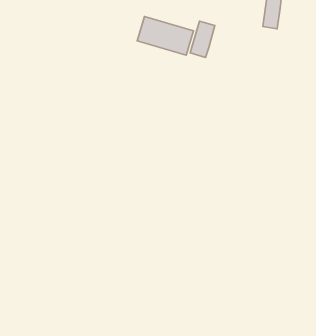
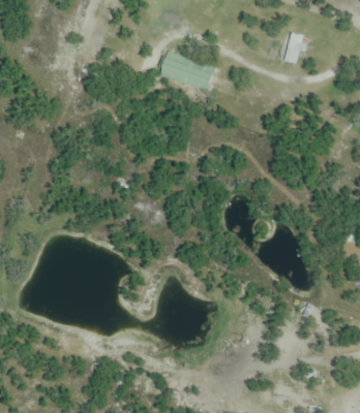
building: [190,21,215,57] -> none

